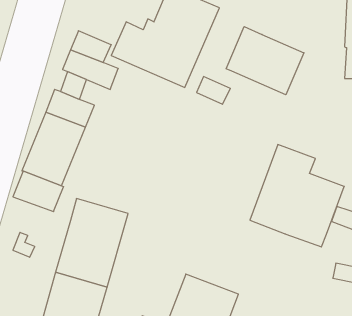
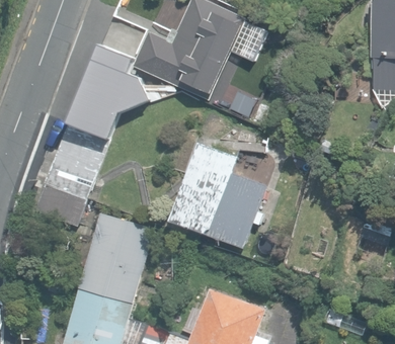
building: [226,27,304,95] -> none
building: [250,145,344,247] -> [171,144,267,248]

